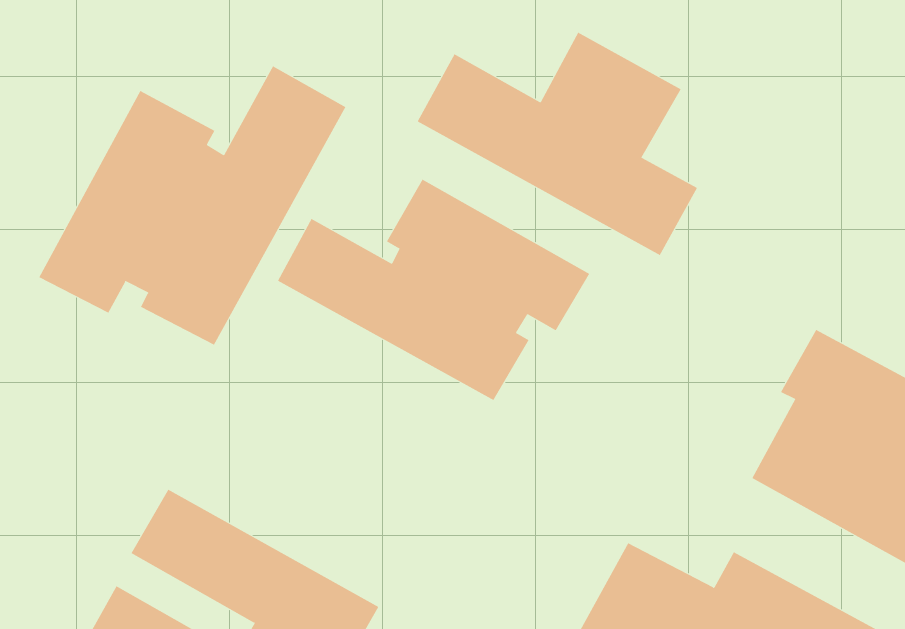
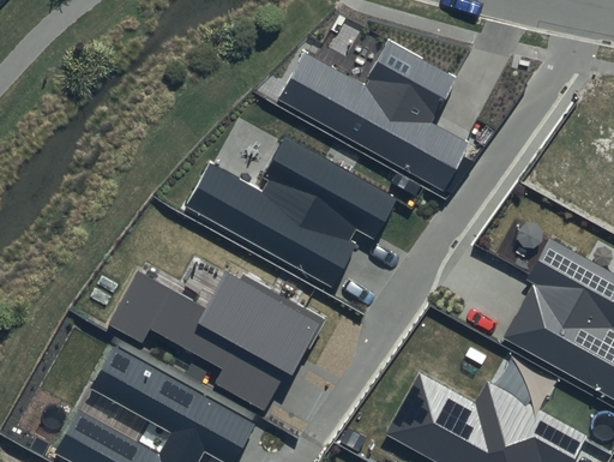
building: [39,65,346,346] -> none
building: none -> [106,271,326,410]

